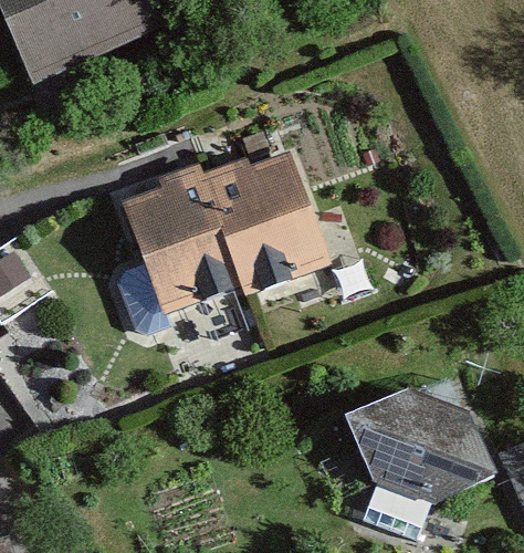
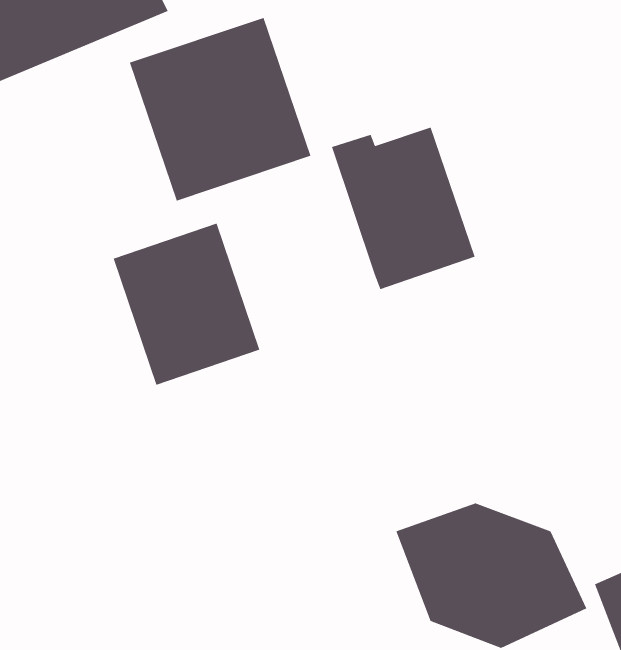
building: none -> [129,17,311,201]
building: [208,159,319,285] -> [331,127,475,290]

